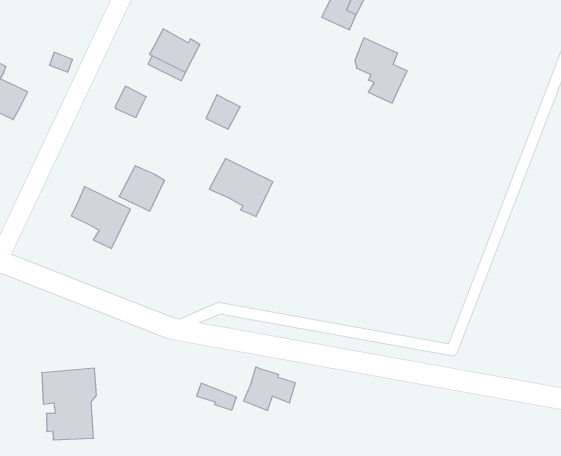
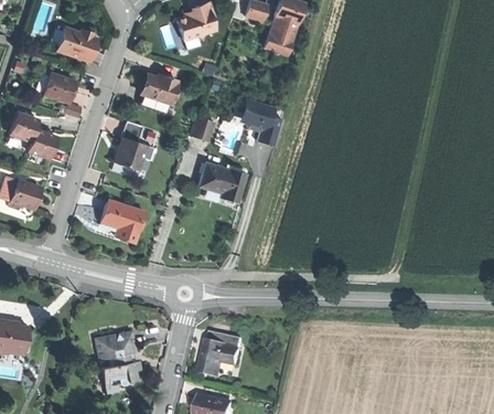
building: none -> [46,71,78,99]
building: [355,38,407,103] -> [245,100,284,146]
building: [119,166,165,211] -> [114,137,146,169]
building: [244,367,295,410] -> [203,340,239,371]

